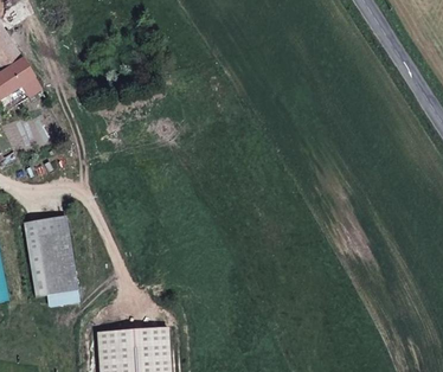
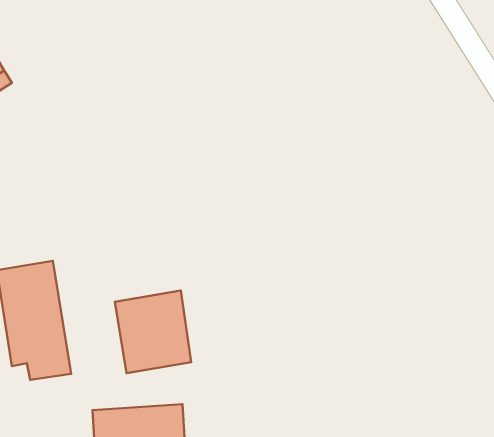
building: none -> [115,290,191,373]

